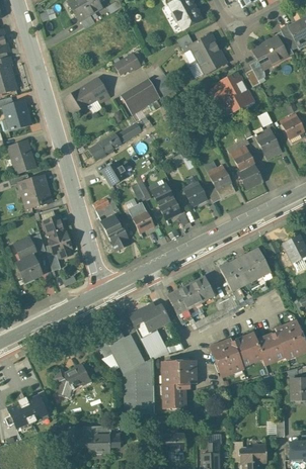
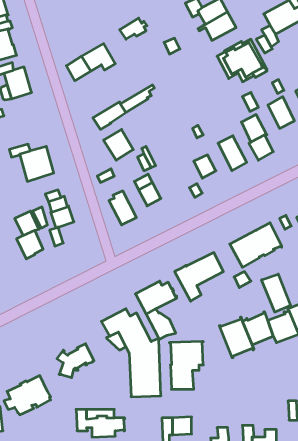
building: [122,79,157,108] -> none
building: [8,139,35,173] -> none
building: [153,186,180,219] -> none
building: none -> [262,274,291,312]

